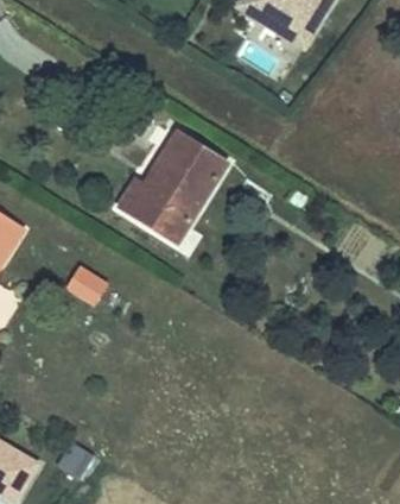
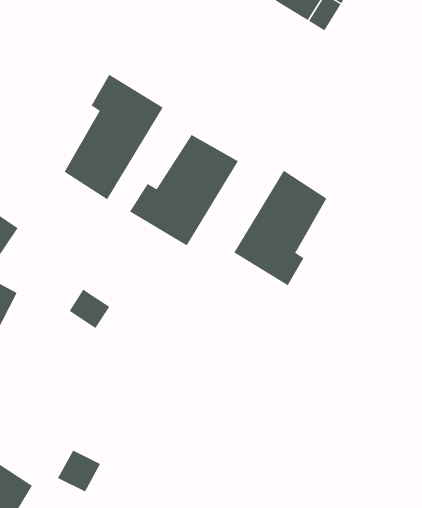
building: none -> [64,74,163,200]
building: none -> [234,170,327,286]

